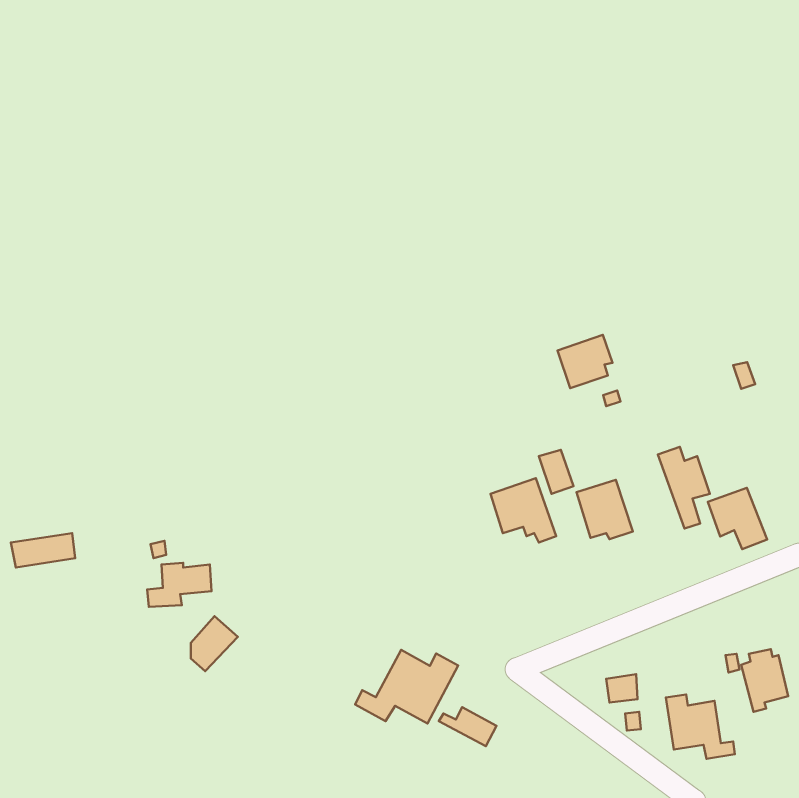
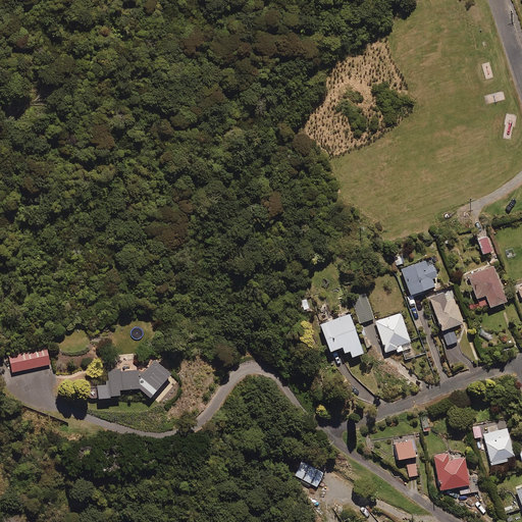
building: [558,335,612,388] -> [402,259,437,294]
building: [708,488,767,549] -> [468,266,507,306]
building: [191,616,238,671] -> [140,360,170,396]
building: [355,650,458,723] -> none

